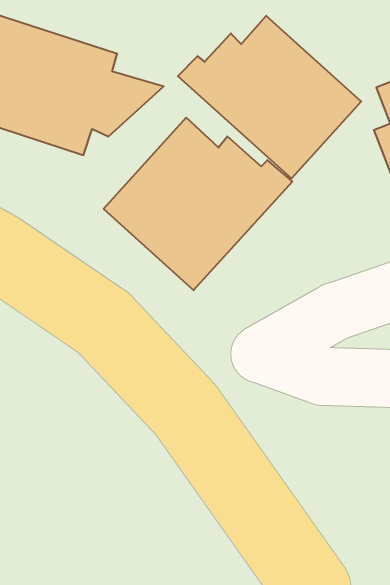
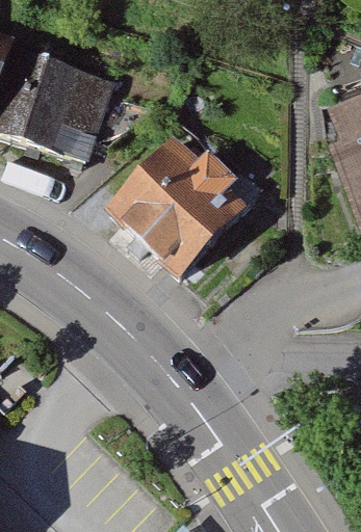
building: [178,16,361,178] -> none

